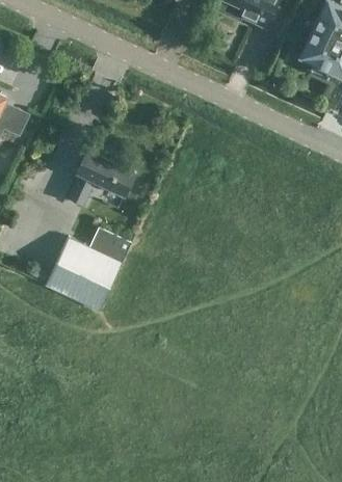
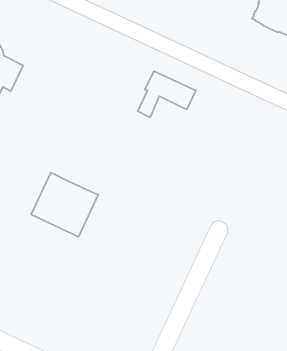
building: [68,152,135,206] -> [138,71,196,117]
building: [87,227,131,263] -> none

